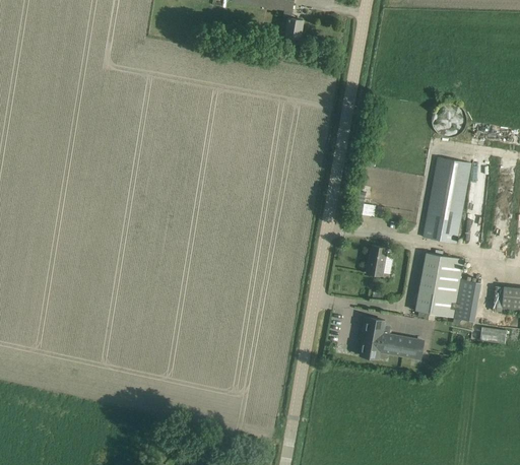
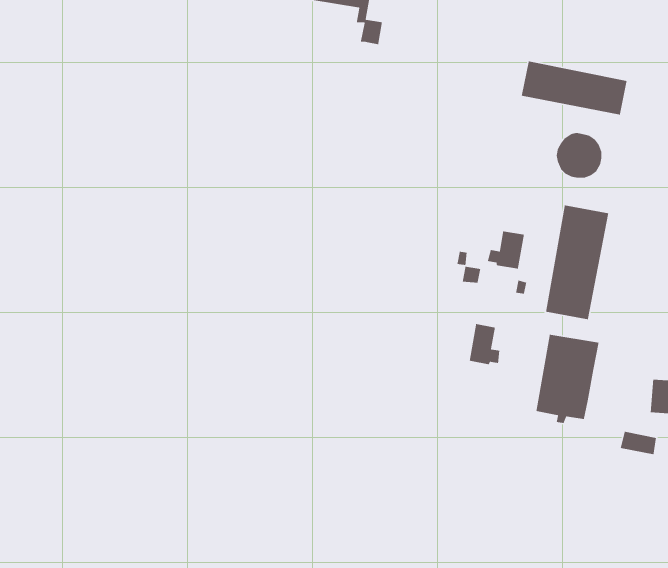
building: none -> [521,60,627,115]
building: none -> [487,230,525,270]
building: [361,317,424,359] -> none

